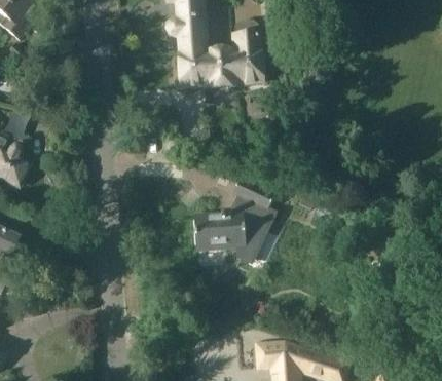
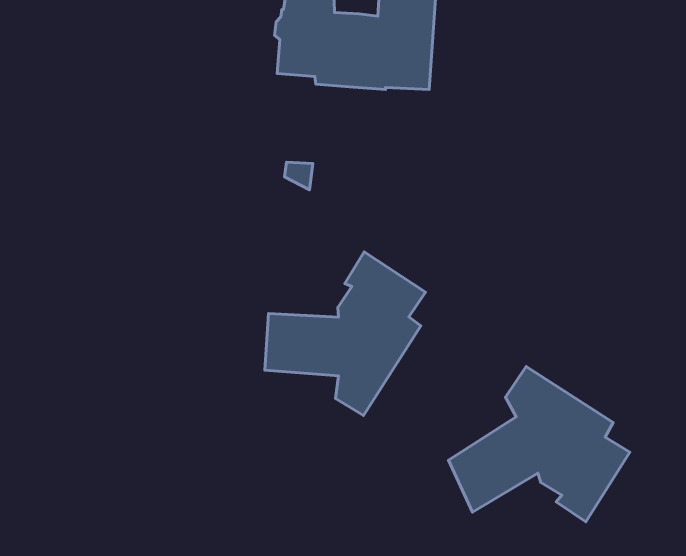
building: none -> [448,366,630,522]

